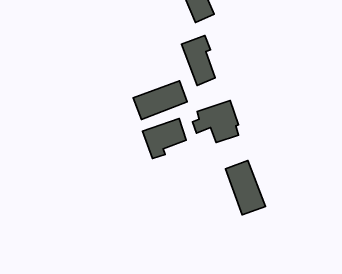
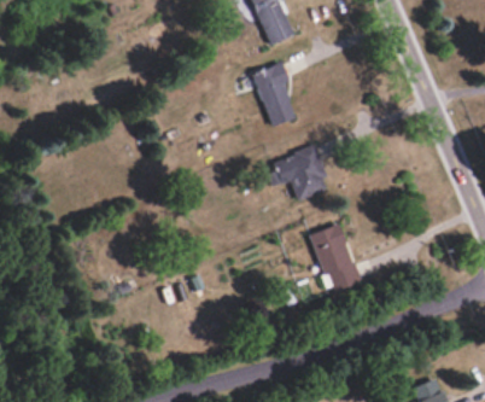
building: [133,81,187,119] -> none
building: [143,119,186,159] -> none

